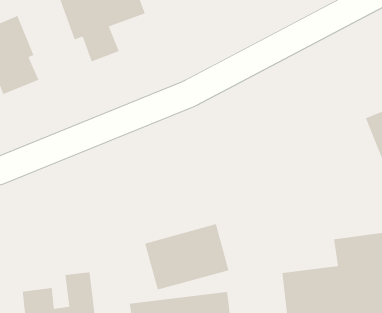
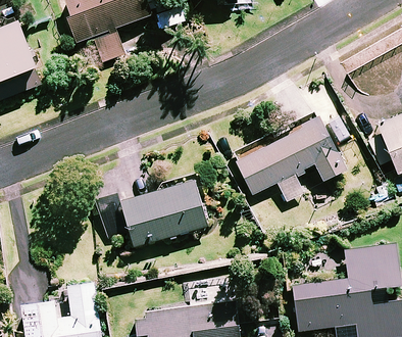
building: none -> [235,114,343,202]
building: [144,223,230,291] -> [120,178,208,247]

